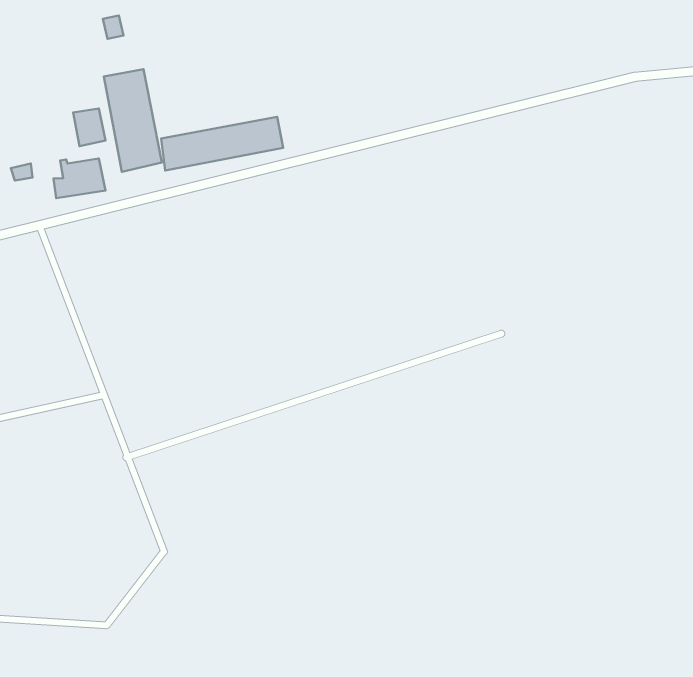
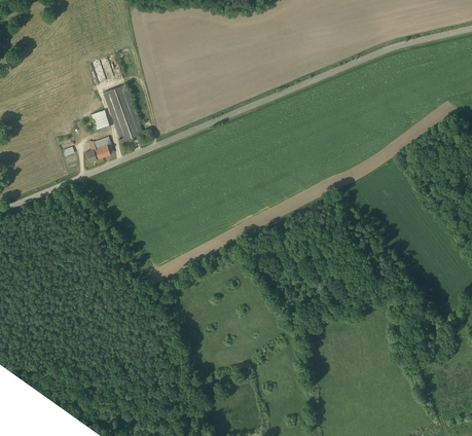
building: [161,117,283,170] -> none

